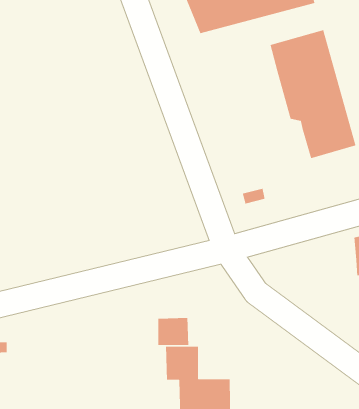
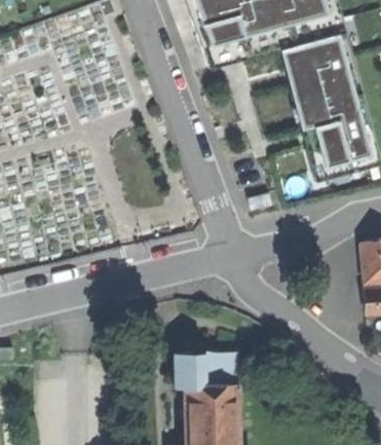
building: [158,317,189,346] -> [208,359,240,387]

